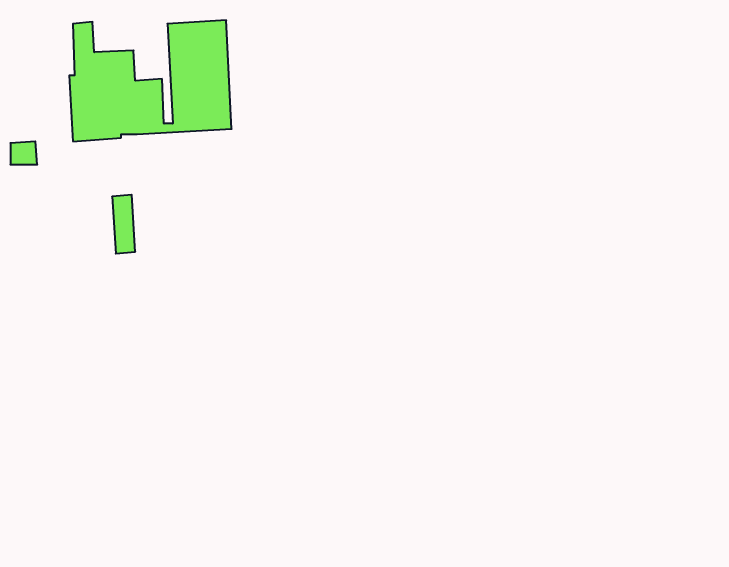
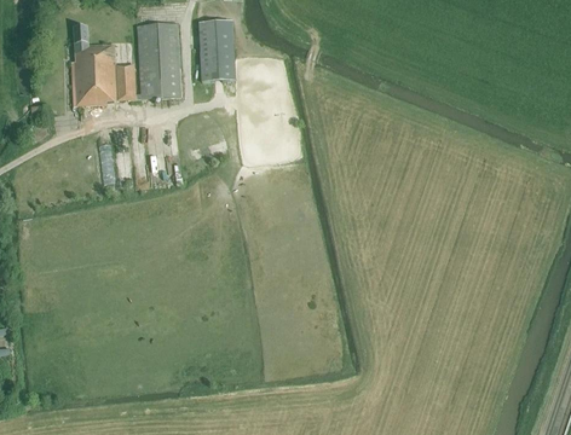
building: none -> [198,21,235,81]

